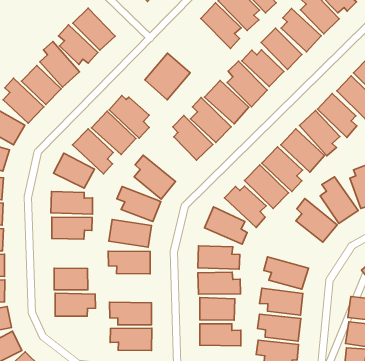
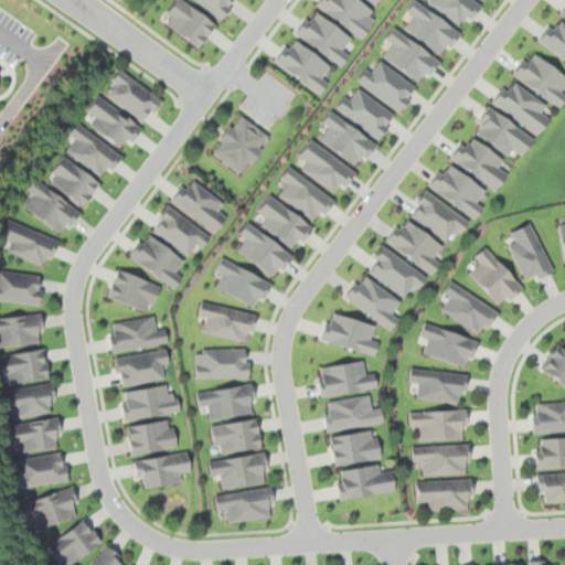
building: none -> [236,222,295,280]
building: none -> [420,322,480,369]
building: none -> [119,385,180,422]
building: none -> [211,418,262,455]

